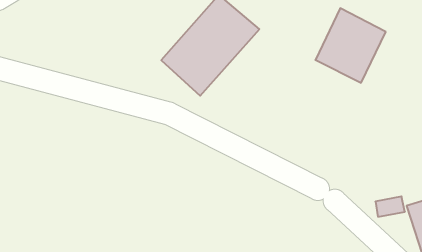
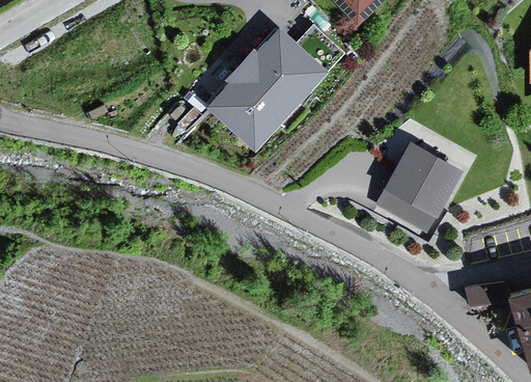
building: [315,8,386,83] -> [373,143,459,235]

